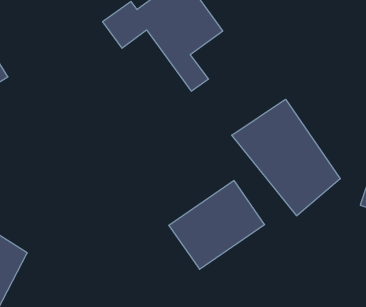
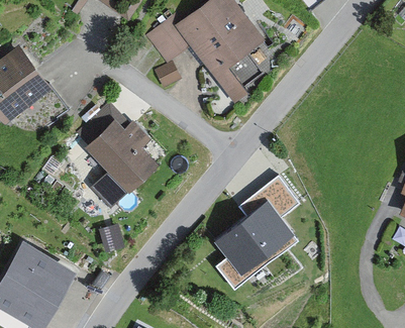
building: [232,99,340,216] -> none
building: none -> [88,121,163,198]

